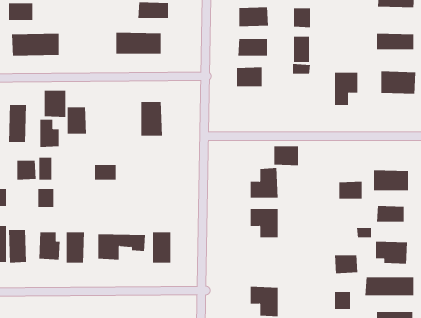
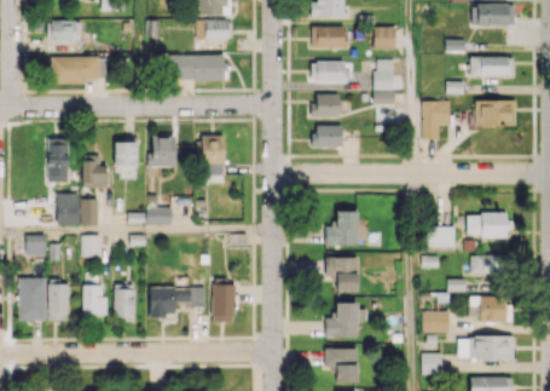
building: [44,90,66,117] -> [150,136,175,167]
building: [273,146,299,166] -> [313,125,342,148]
building: none -> [325,303,366,337]

